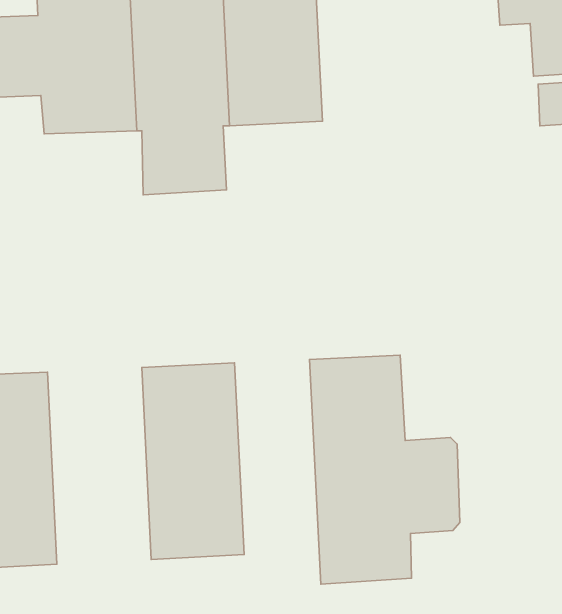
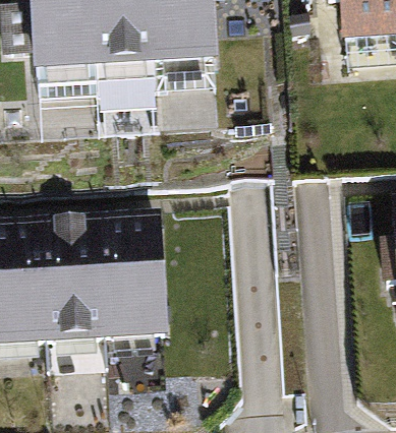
building: [309,355,460,584] -> none
building: none -> [44,247,109,372]

